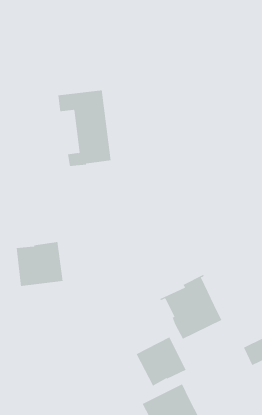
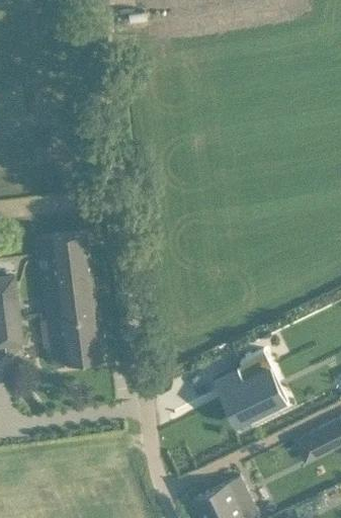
building: [58,90,111,167] -> [34,234,96,322]
building: [136,336,186,386] -> none

